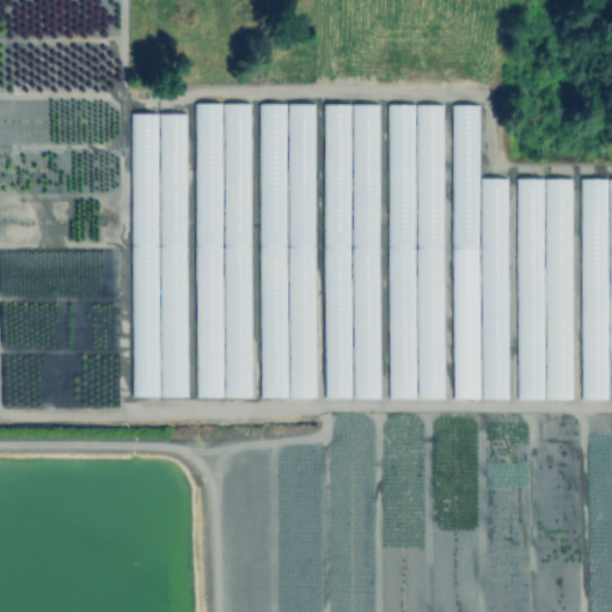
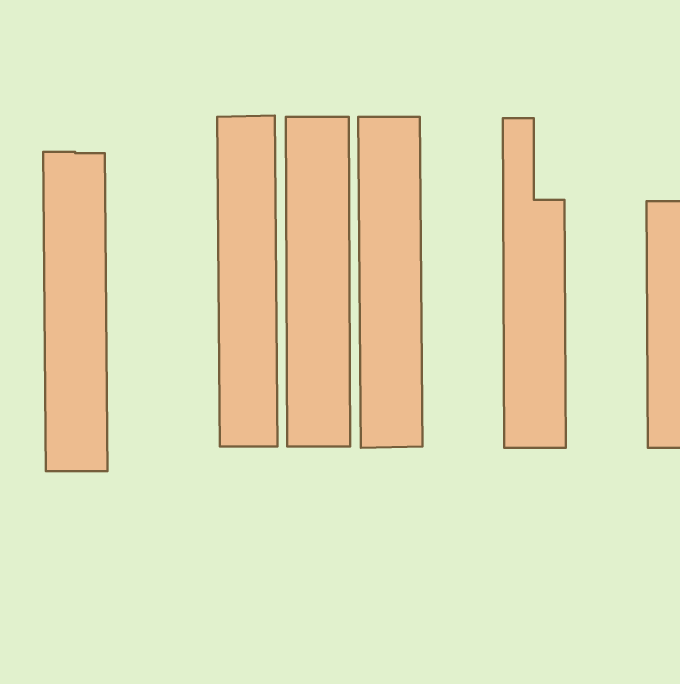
building: [386,105,446,399] -> none
building: [131,114,189,398] -> [43,152,107,471]
building: [516,178,575,400] -> none

